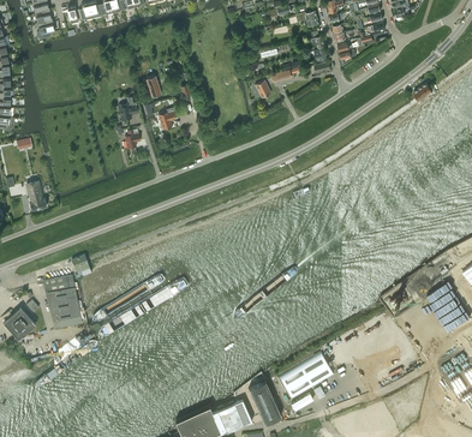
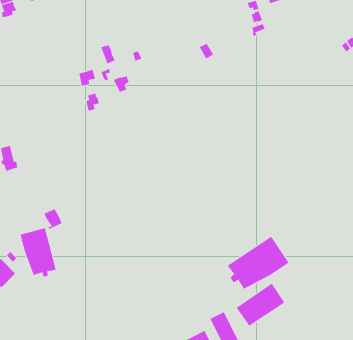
building: none -> [227,236,289,290]

